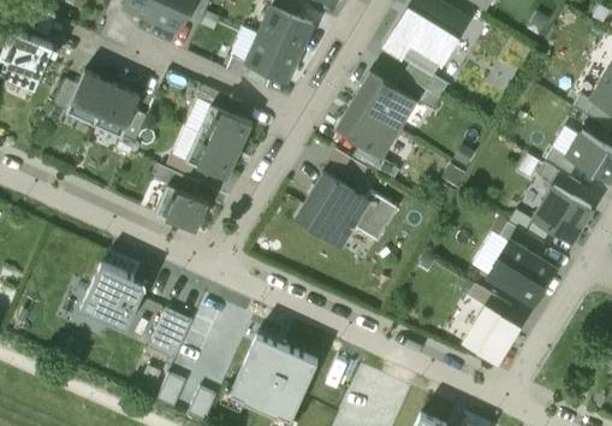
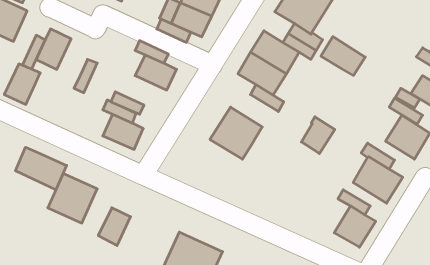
building: none -> [321,37,365,75]
building: [94,82,142,136] -> [4,64,40,104]
building: [186,131,240,178] -> none
building: [353,190,398,239] -> [301,117,335,154]
building: none -> [16,147,67,190]

